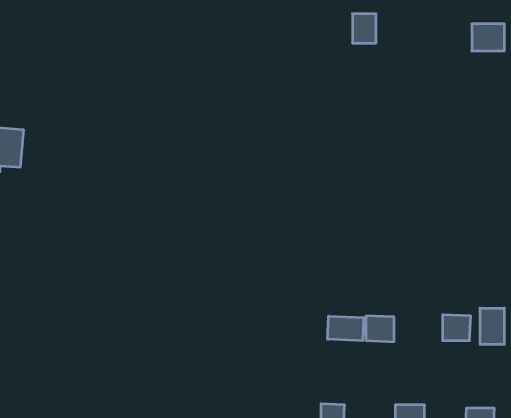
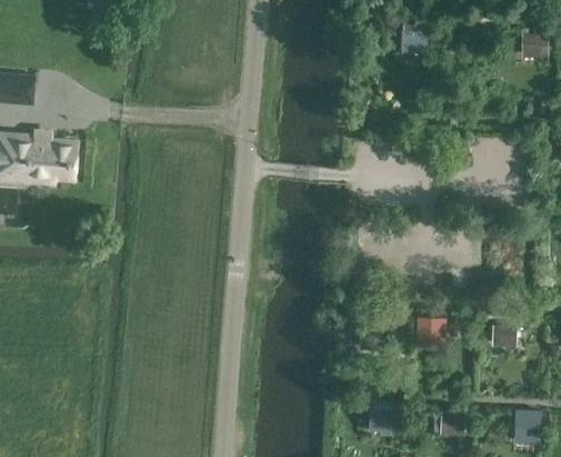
building: [480,308,504,344] -> none
building: [328,316,364,341] -> none

